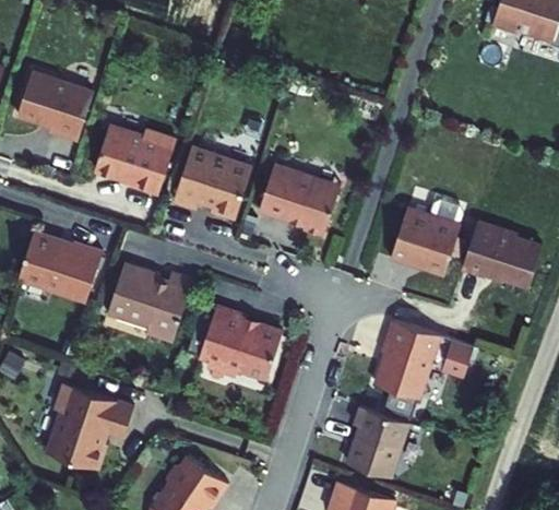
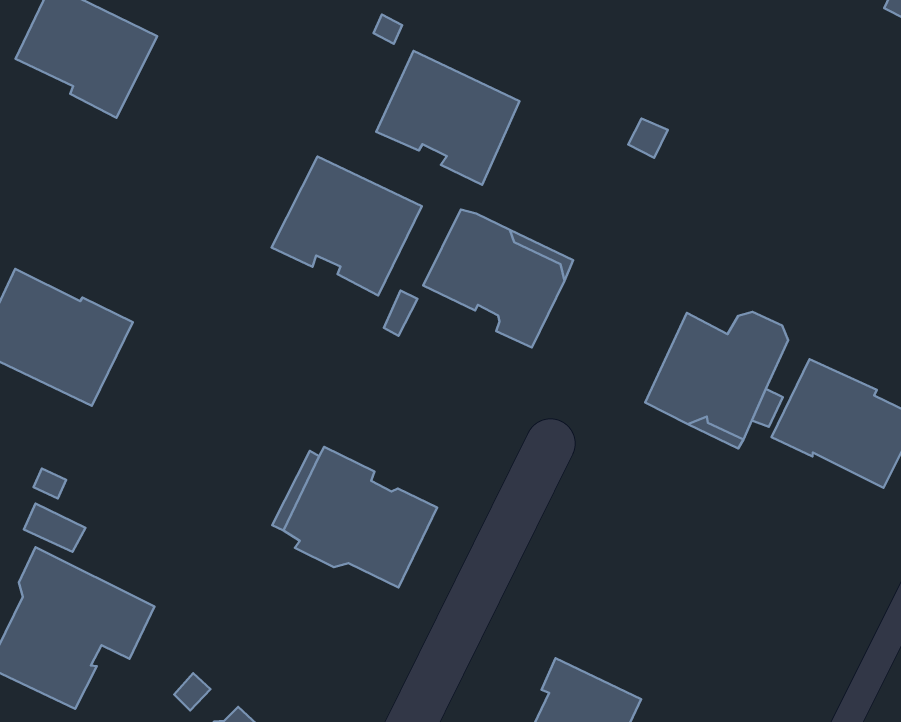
building: none -> [376,51,519,185]
building: [95,126,176,195] -> none
building: [107,262,193,344] -> none
building: [376,320,473,399] -> none

